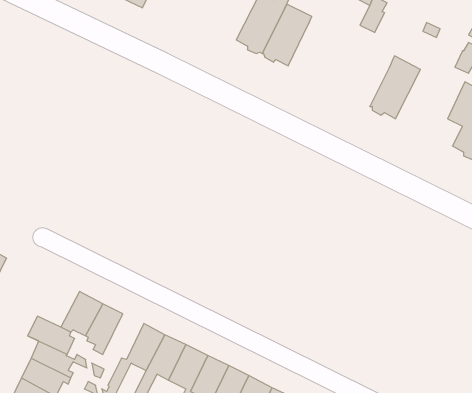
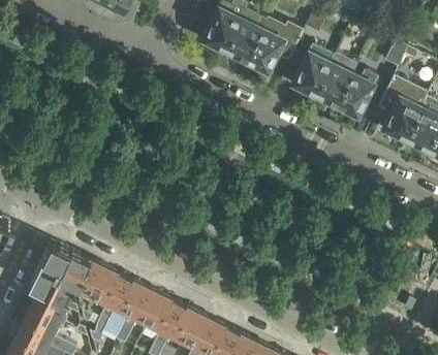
building: none -> [245,19,303,72]
building: none -> [291,45,333,96]
building: none -> [335,65,376,117]
building: none -> [35,244,70,281]
building: none -> [90,269,124,308]

